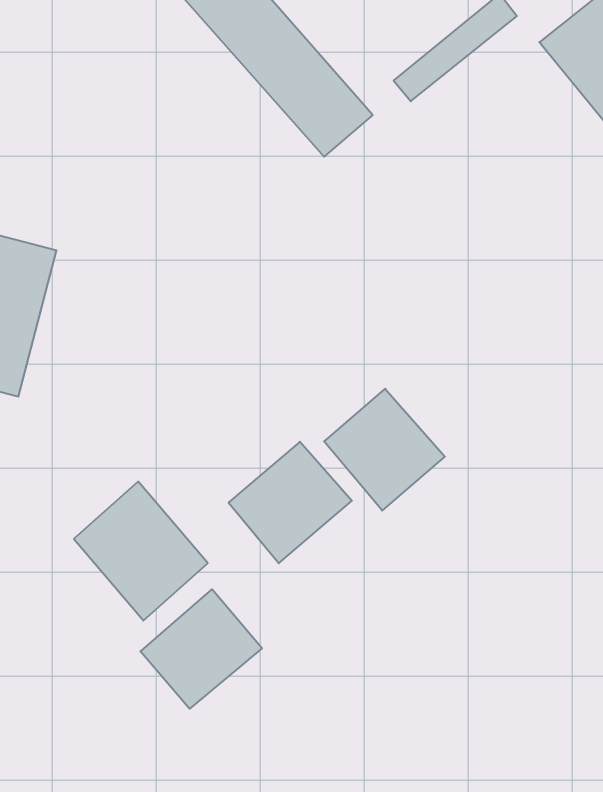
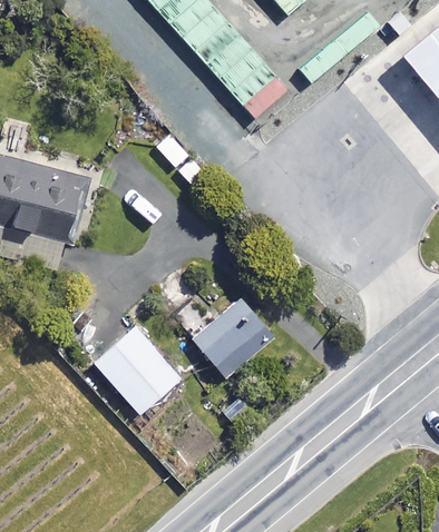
building: [324,389,445,511] -> none
building: [140,589,262,709] -> none

